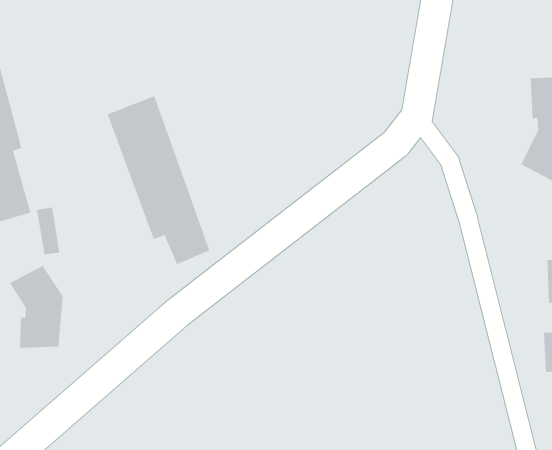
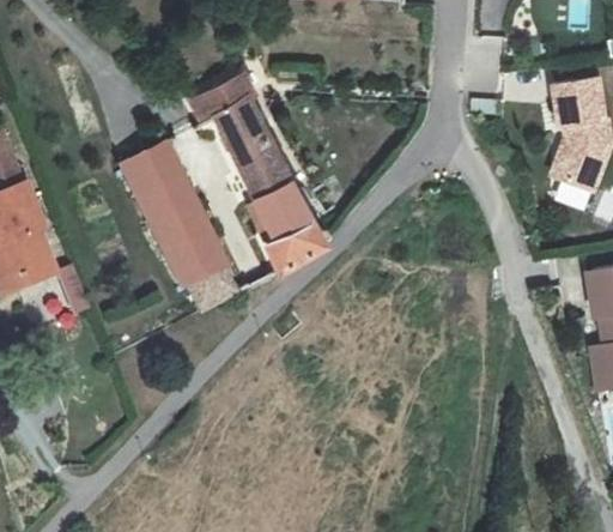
building: none -> [193,84,324,271]
building: [9,265,63,348] -> none

